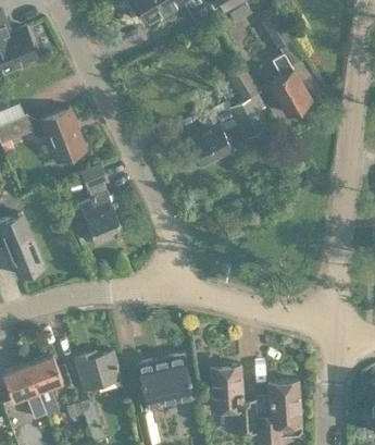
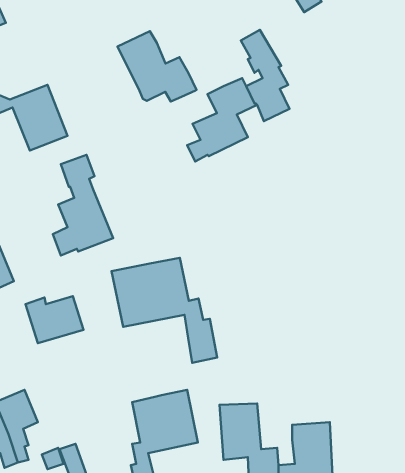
building: [268,54,311,115] -> none
building: none -> [118,31,196,102]
building: none -> [112,258,217,363]
building: [74,351,121,390] -> [26,296,83,343]

